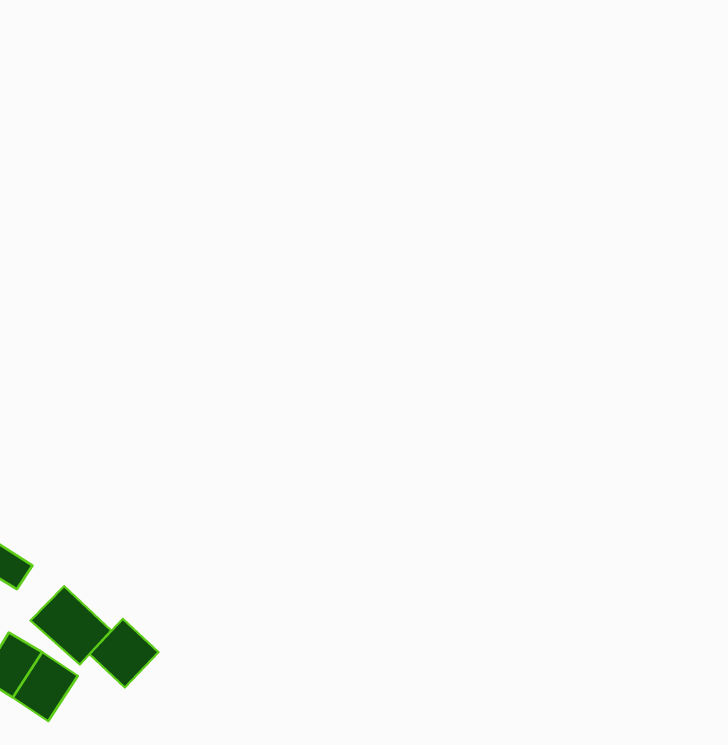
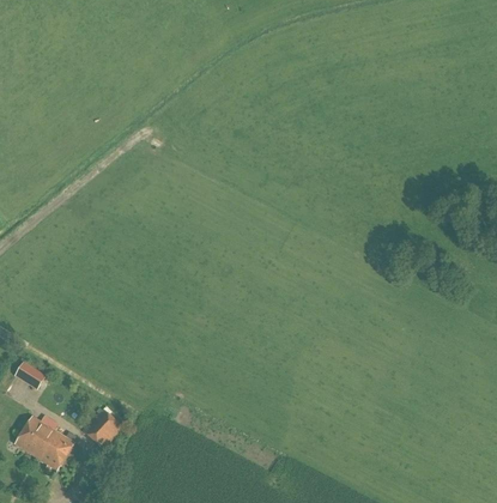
building: [31,586,111,664] -> none

